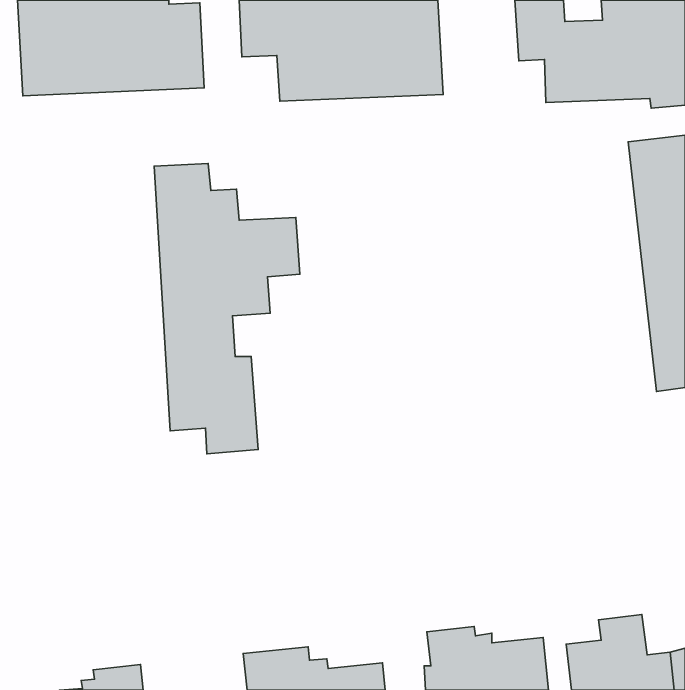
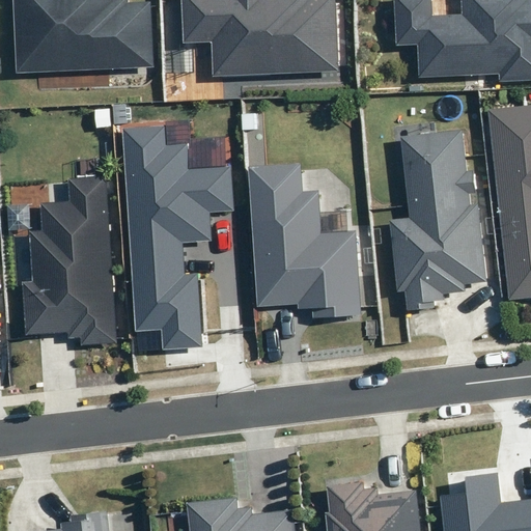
building: none -> [392,131,487,310]
building: none -> [250,164,362,318]
building: none -> [24,176,118,345]

